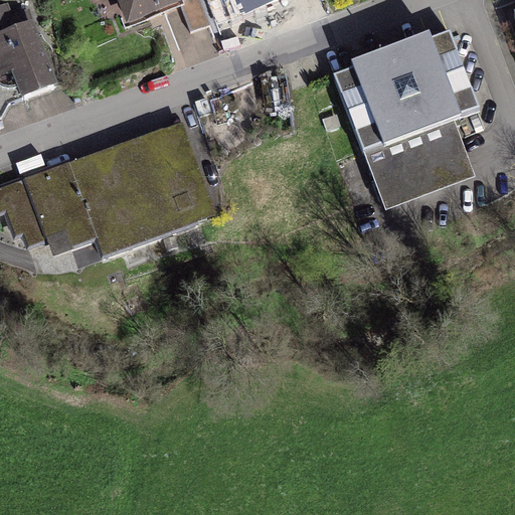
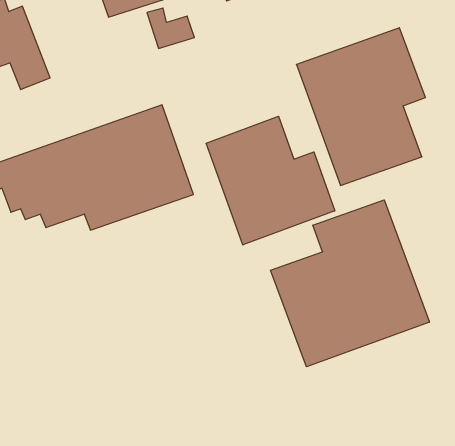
building: none -> [206,116,335,245]
building: none -> [271,200,429,367]

